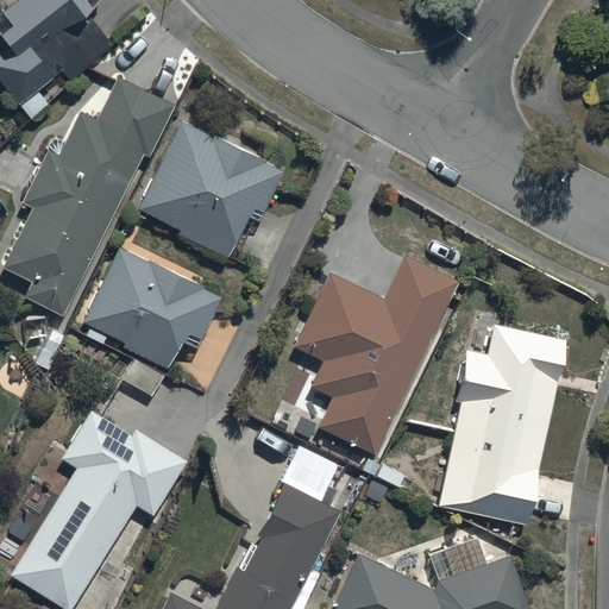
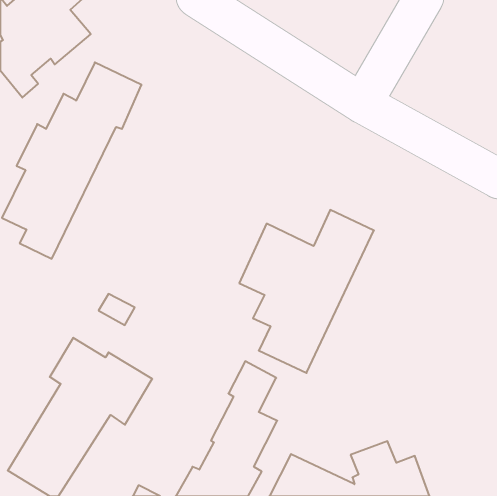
building: [139,121,287,258] -> none
building: [84,250,221,370] -> none
building: [437,325,563,525] -> none

